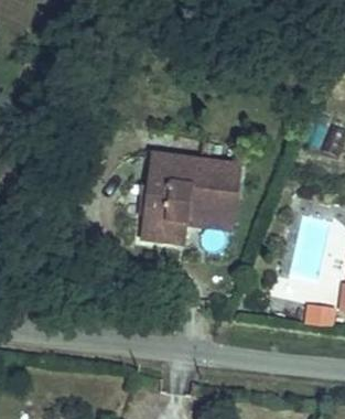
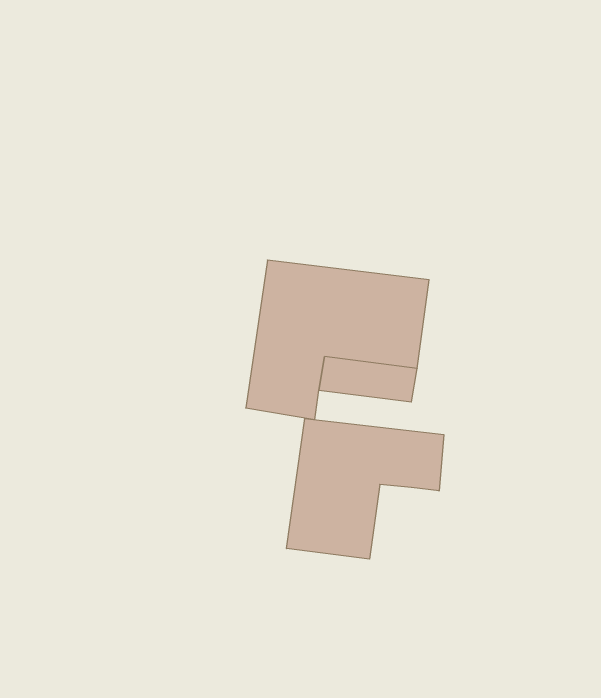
building: none -> [287,419,444,559]

